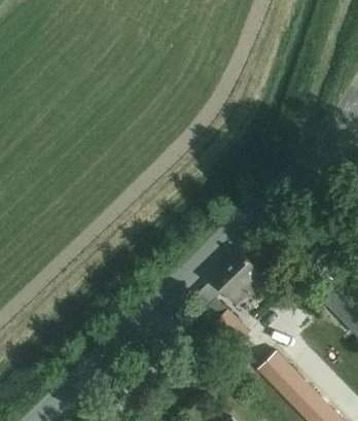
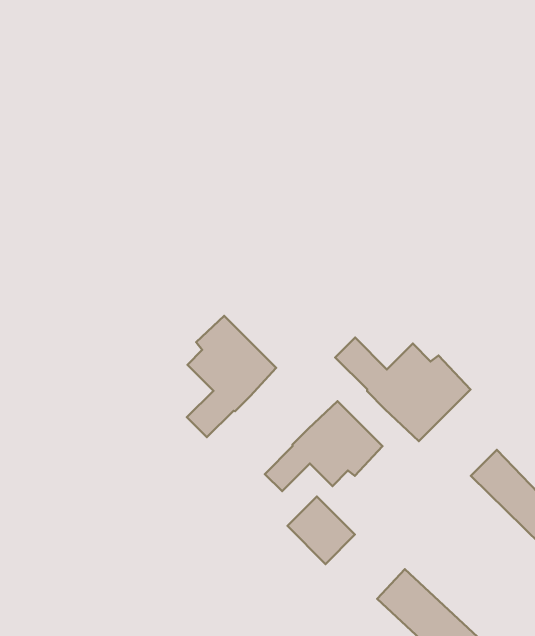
building: none -> [187,316,276,437]
building: none -> [335,337,470,441]

